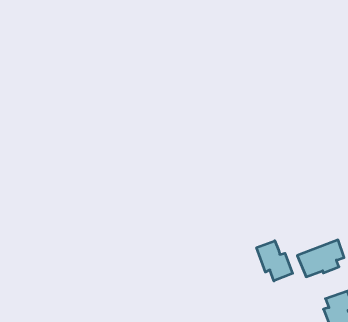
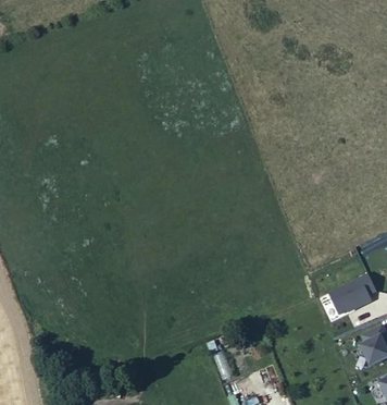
building: [257,241,293,281] -> none

